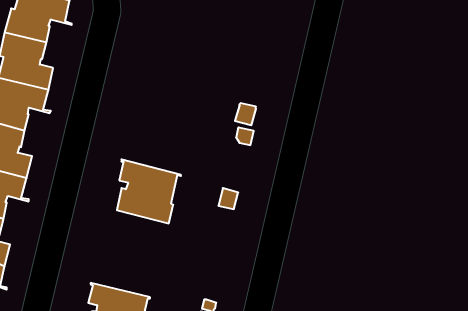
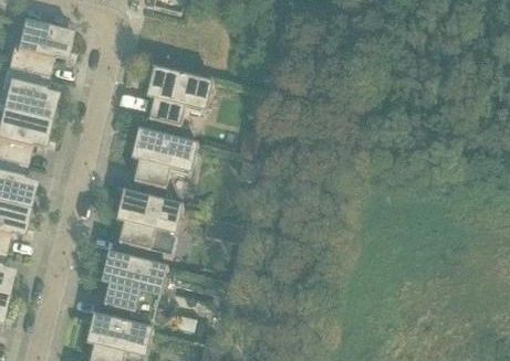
building: none -> [148,66,212,125]
building: none -> [133,128,197,185]
building: none -> [103,251,167,318]

